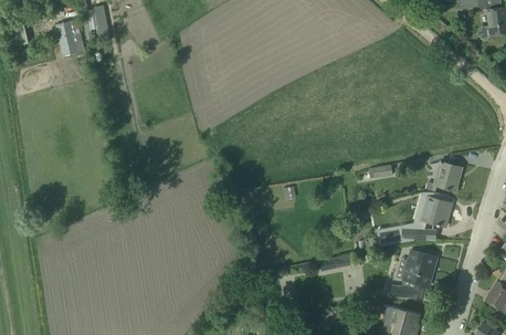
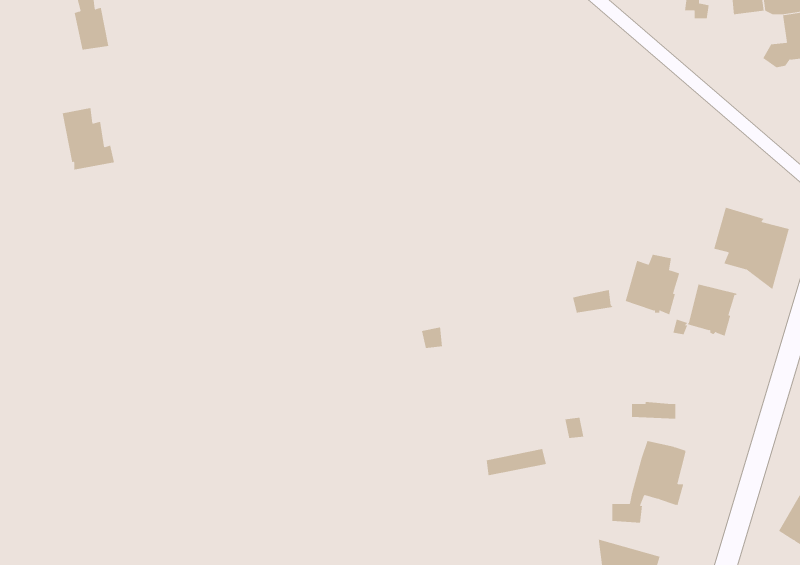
building: [55,21,85,56] -> [62,107,115,170]
building: none -> [714,207,789,290]
building: [420,192,452,227] -> [625,254,682,315]

